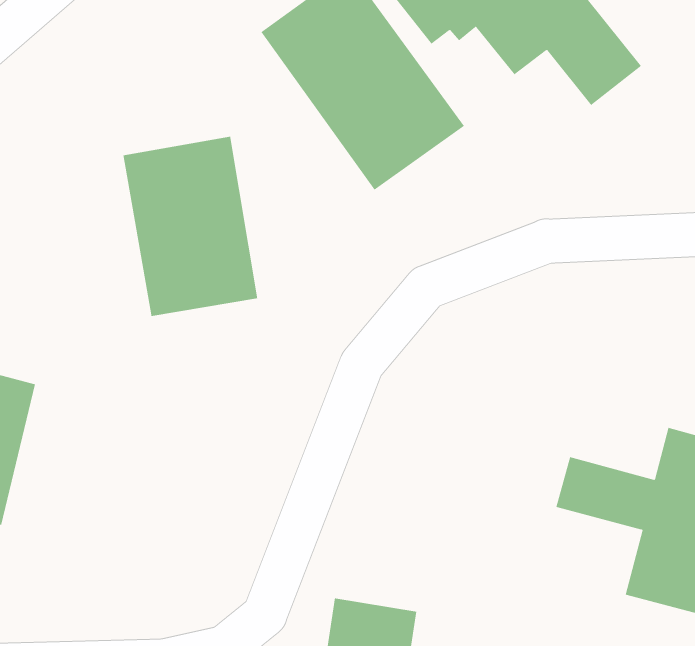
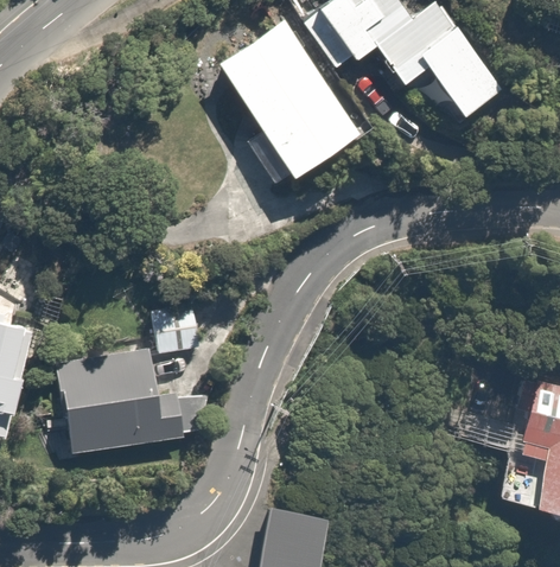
building: [123,136,258,317] -> none
building: none -> [58,321,208,460]

